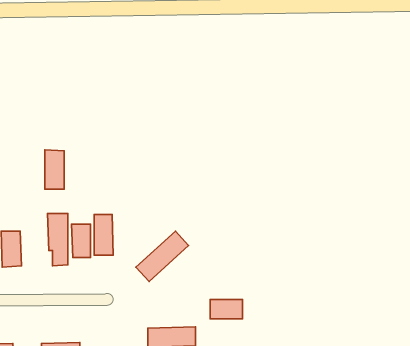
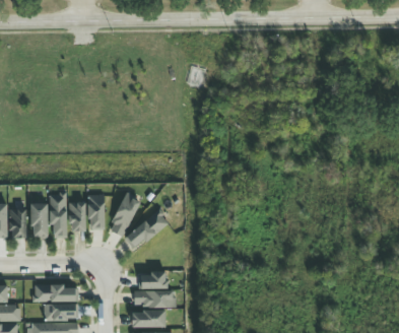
building: [45,150,64,189] -> [30,203,47,237]
building: none -> [108,193,141,238]
building: [210,300,242,319] -> [138,272,165,288]
building: none -> [32,284,75,303]

